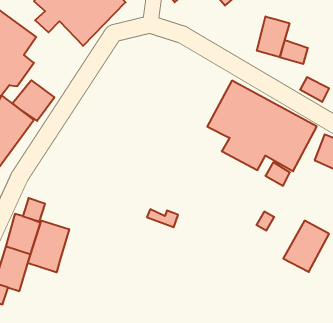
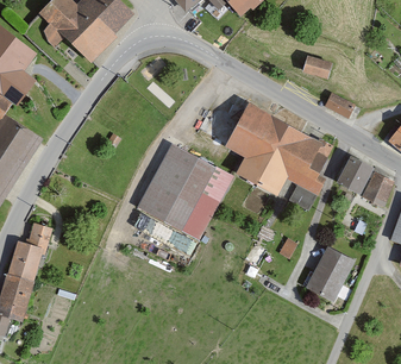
building: [257,16,289,57] -> none
building: [12,80,54,121] -> none
building: none -> [136,143,230,238]
building: [28,221,69,272] -> none

